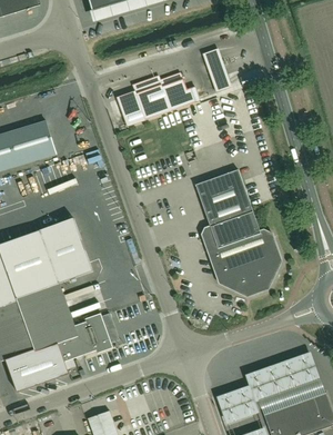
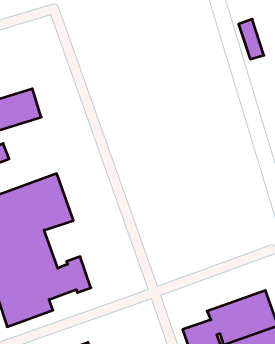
building: [208,46,236,91] -> [239,19,264,59]
building: [115,72,200,128] -> none
building: [194,168,282,296] -> none

